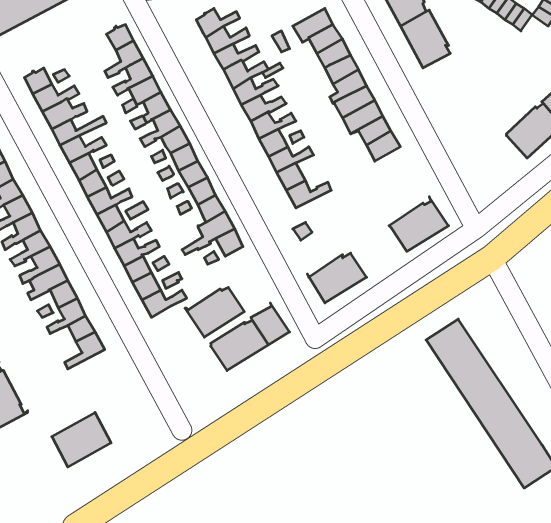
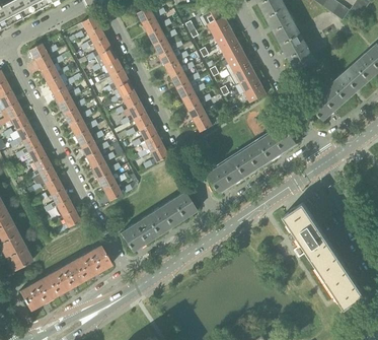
building: none -> [281,33,315,71]
building: none -> [309,86,347,121]
building: none -> [234,144,271,176]
building: [185,287,244,337] -> [120,219,157,251]
building: none -> [74,246,111,280]
building: none -> [19,276,57,311]

